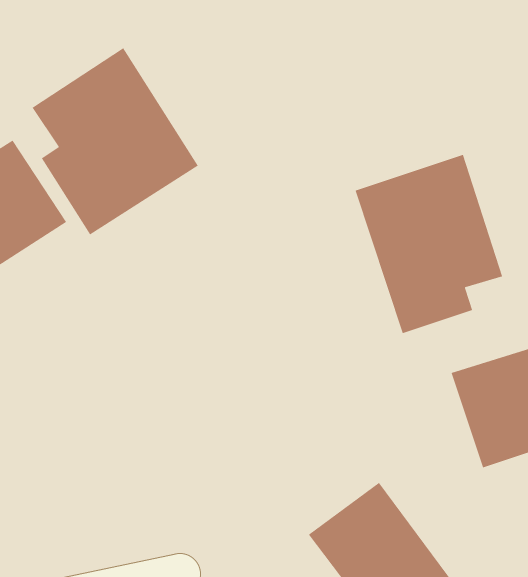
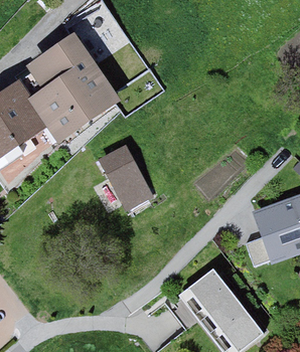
building: [354,154,503,334] -> none
building: none -> [95,140,153,210]

